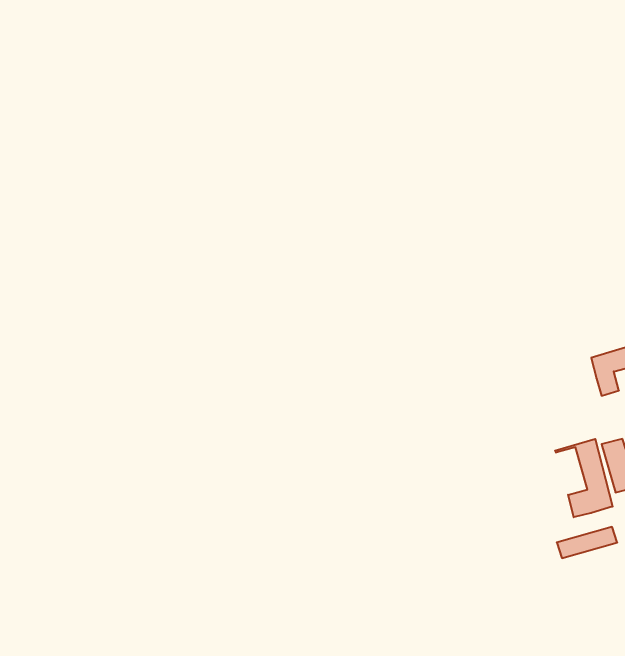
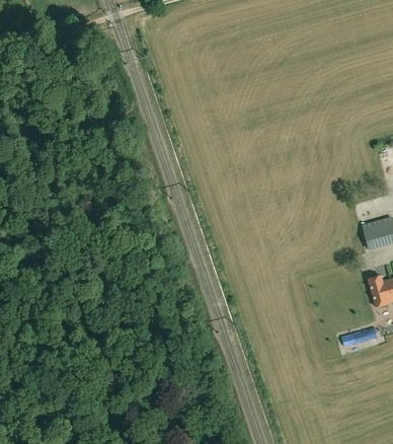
building: [555,439,613,517] -> none

